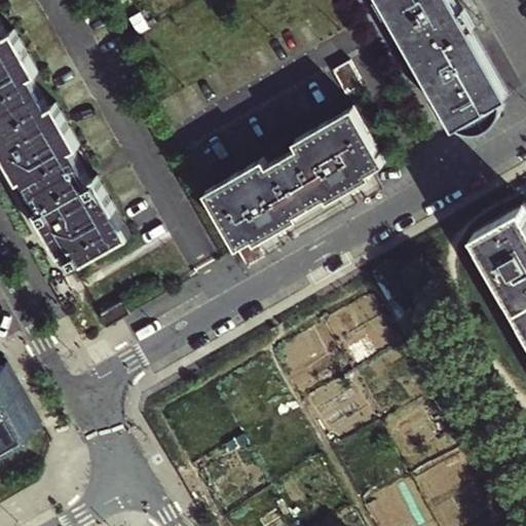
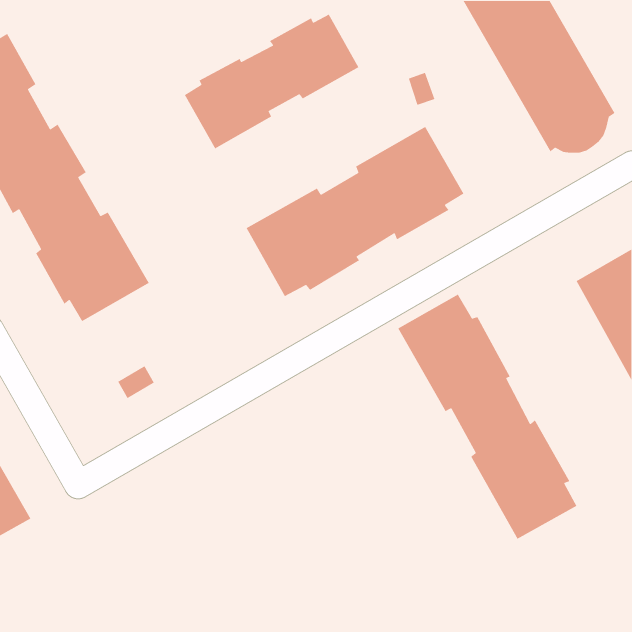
building: none -> [184,13,359,149]
building: none -> [397,294,577,540]

